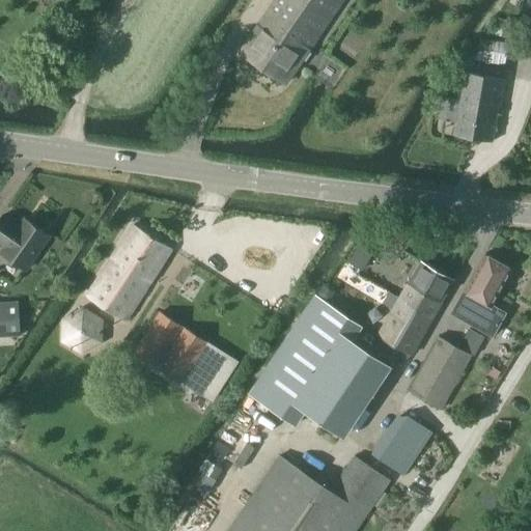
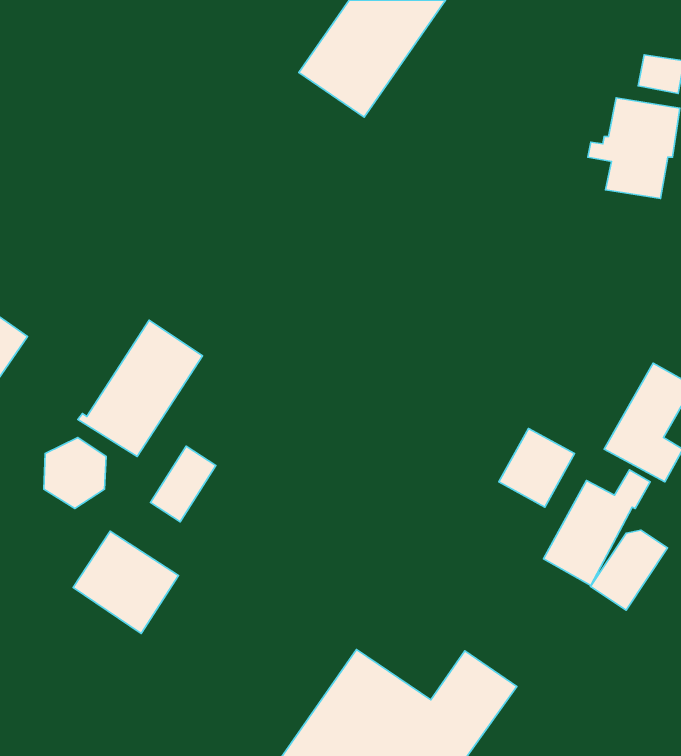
building: [399,263,452,318] -> none
building: [249,296,392,439] -> none
building: [160,329,233,400] -> [73,531,178,633]
building: [372,416,426,472] -> [590,530,668,610]

